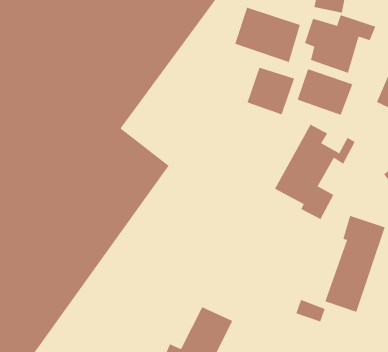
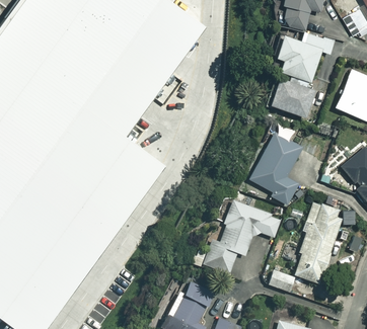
building: [234,7,300,63] -> none
building: [247,67,295,115] -> none
building: none -> [191,197,284,275]

